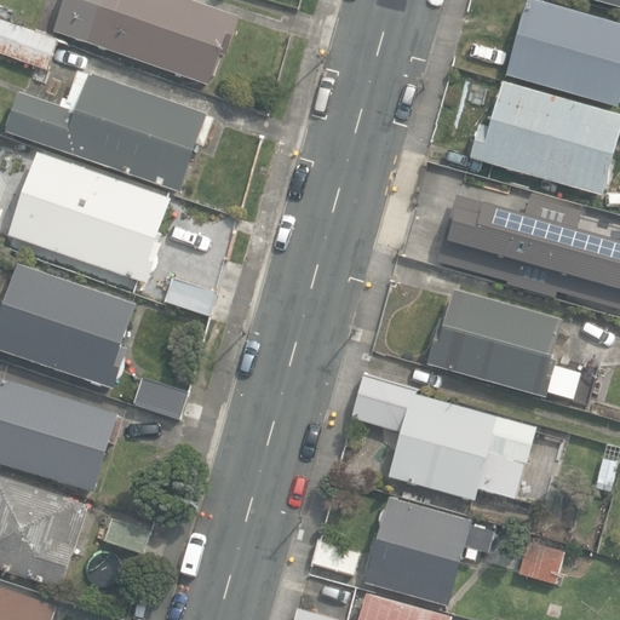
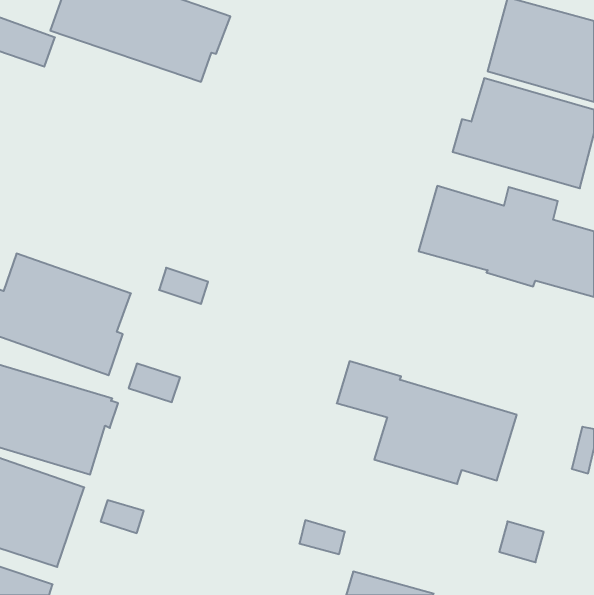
building: [5,70,213,190] -> none
building: [7,150,171,285] -> none
building: [425,288,579,398] -> none
building: [363,496,493,604] -> none

